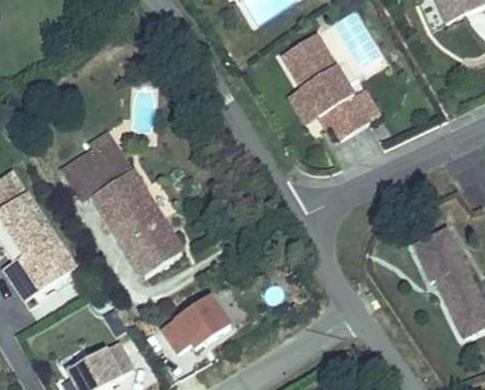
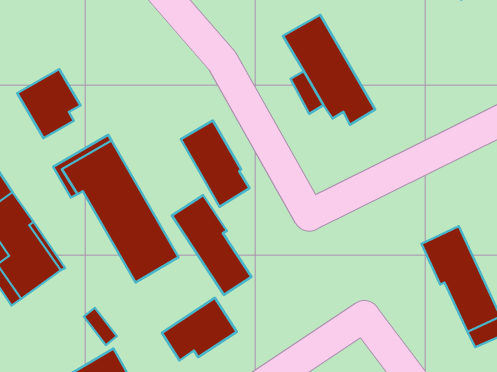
building: none -> [17,69,80,138]
building: none -> [181,120,250,207]
building: none -> [172,195,251,295]

